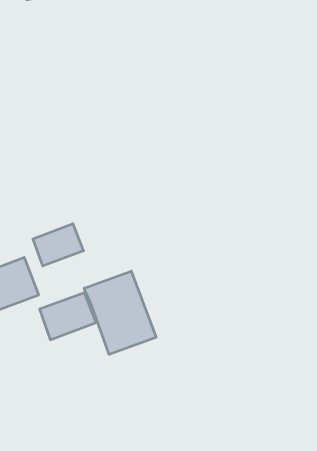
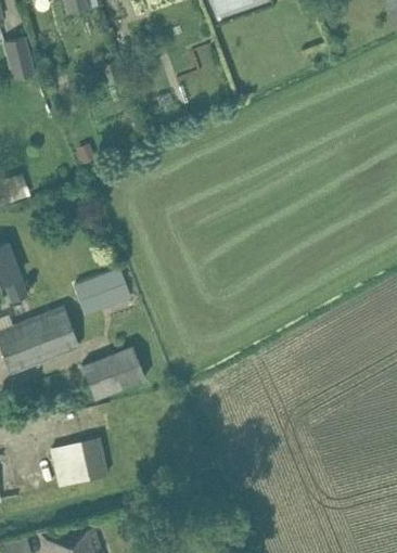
building: [84,271,156,354] -> none
building: none -> [50,436,108,486]

